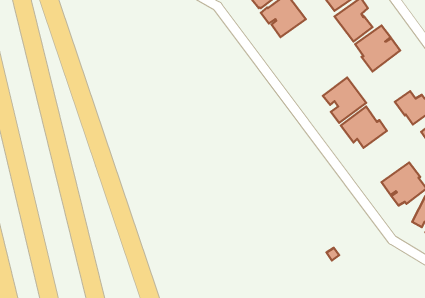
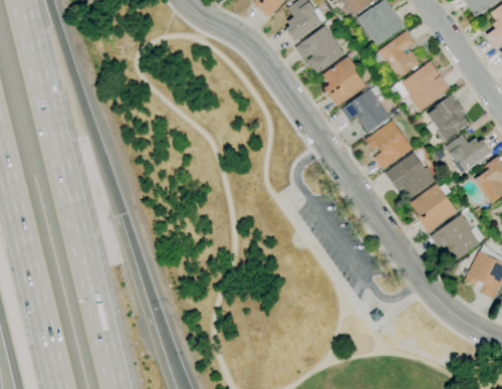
building: none -> [322,55,366,107]
building: none -> [341,83,390,133]
building: none -> [427,93,469,143]
building: none -> [410,183,457,232]

